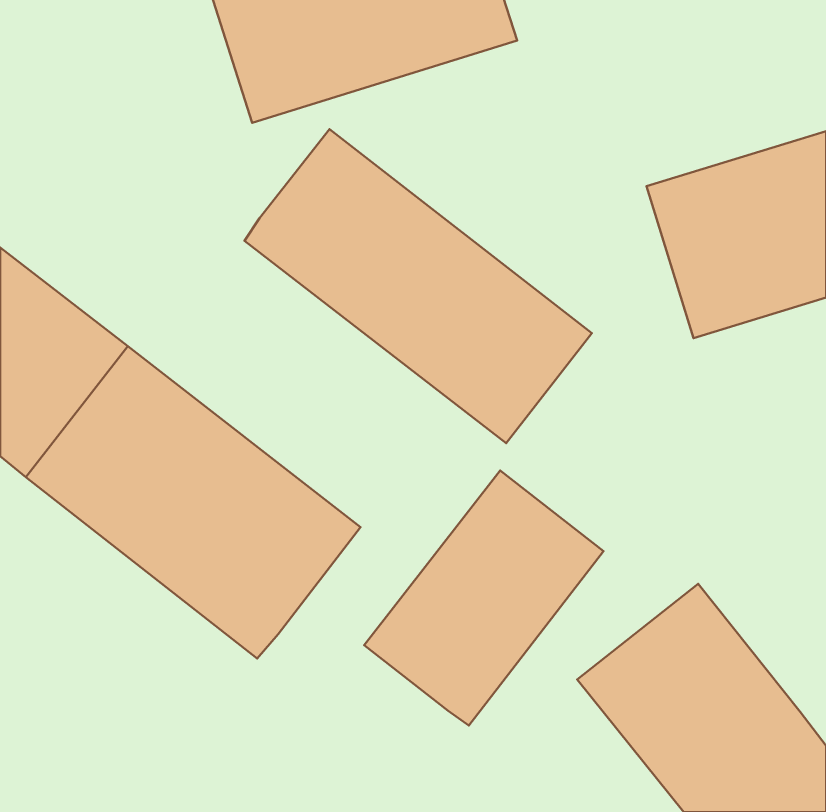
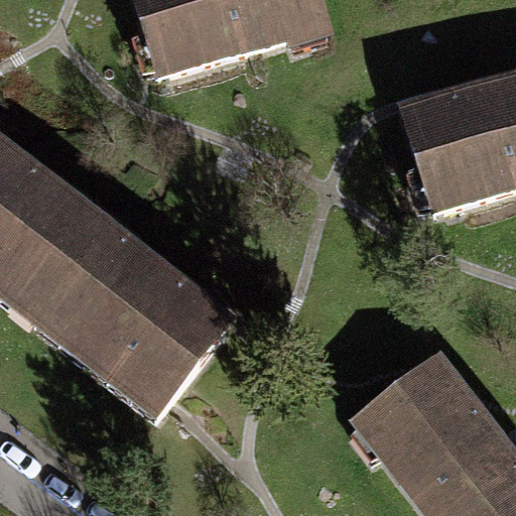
building: [245,129,592,443] -> none
building: [364,471,603,726] -> none

